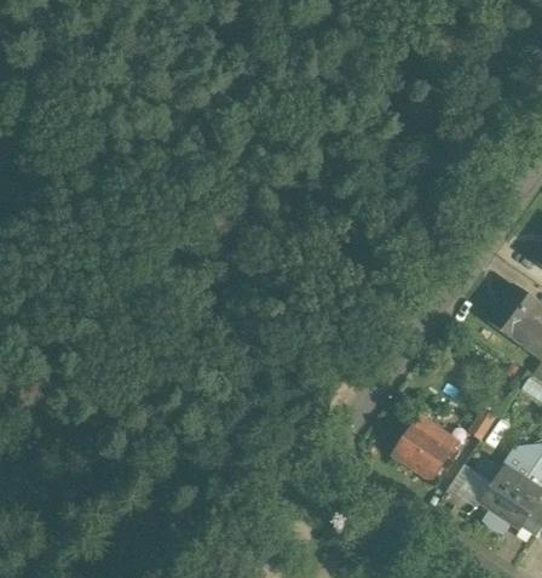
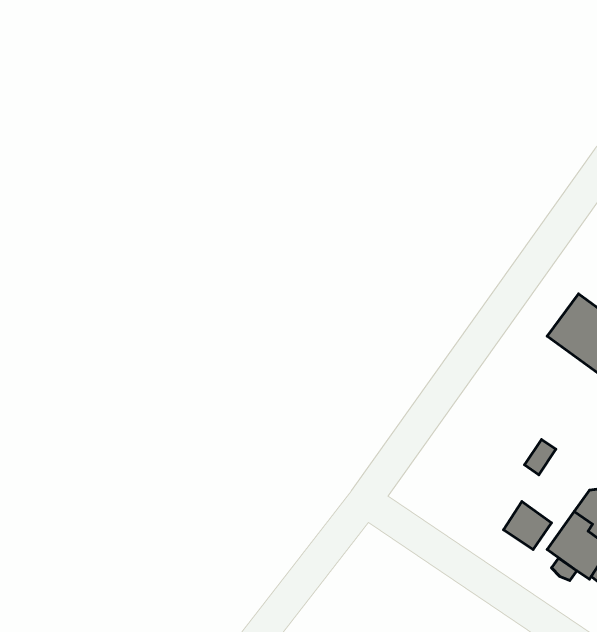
building: [399,418,457,476] -> none

